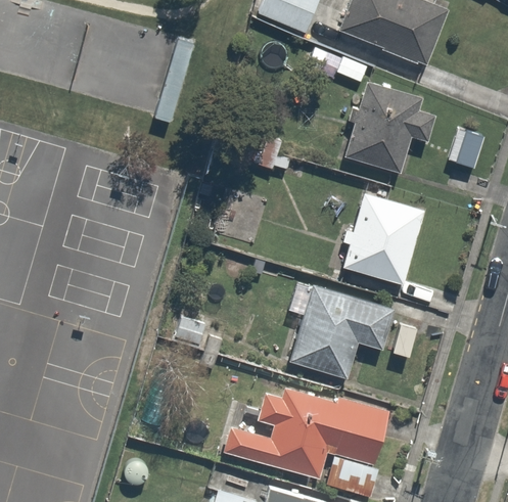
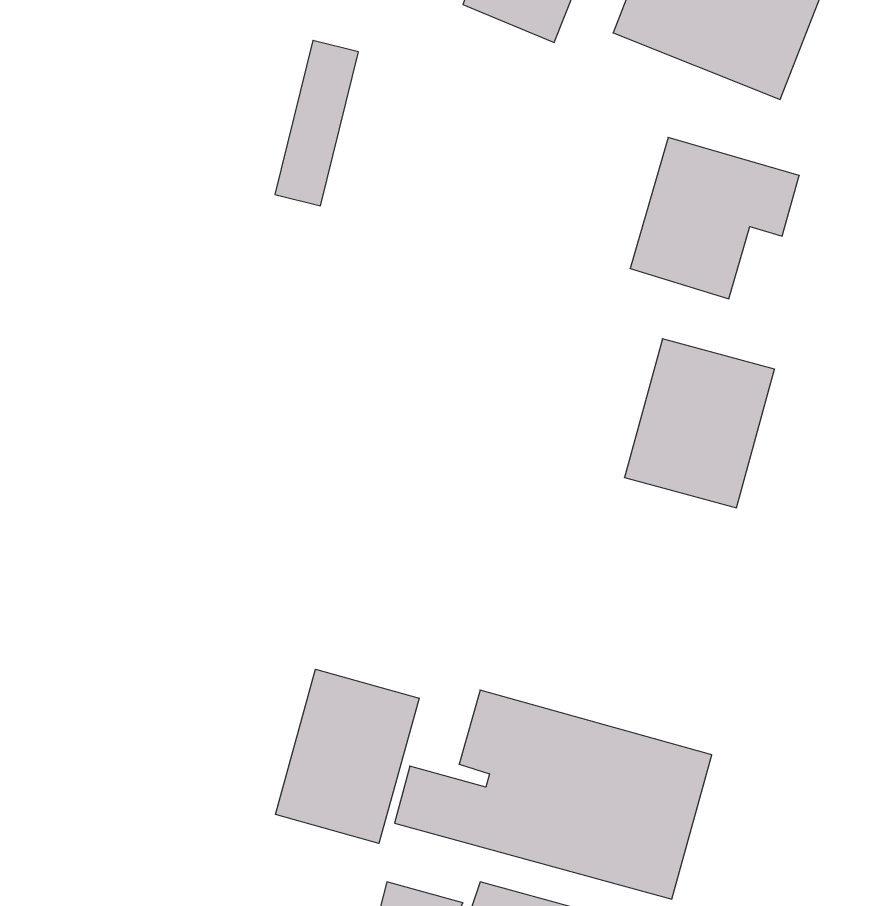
building: [289,280,391,377] -> none
building: none -> [275,669,419,843]

